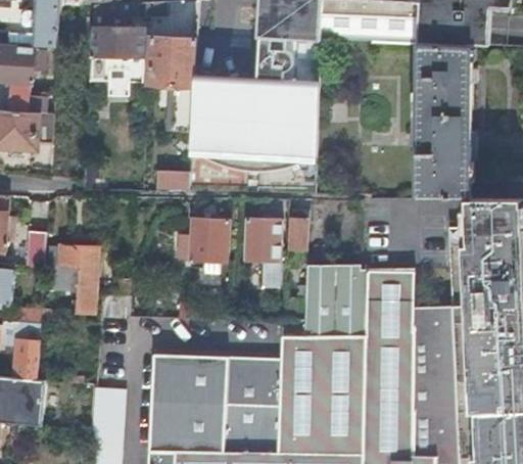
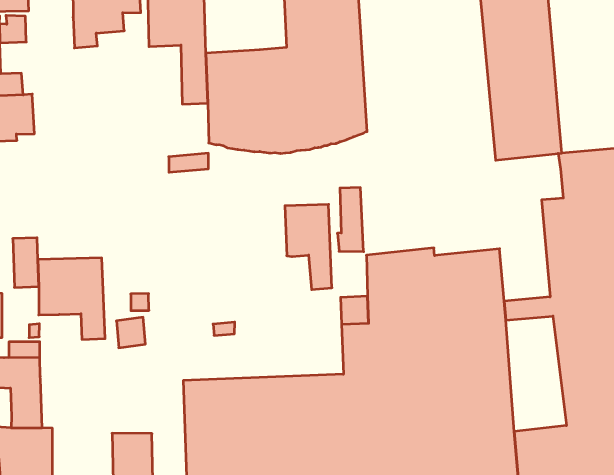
building: [179,218,229,275] -> none
building: [413,325,455,414] -> none

